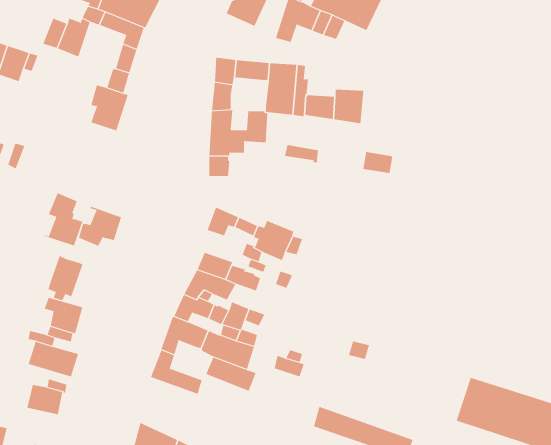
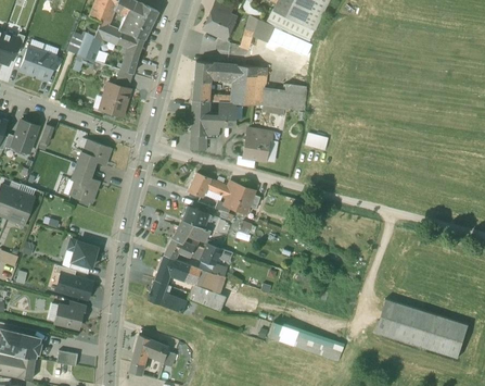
building: none -> [242,135,268,160]
building: [78,206,122,246] -> [77,138,110,169]
building: [48,255,83,301] -> none

